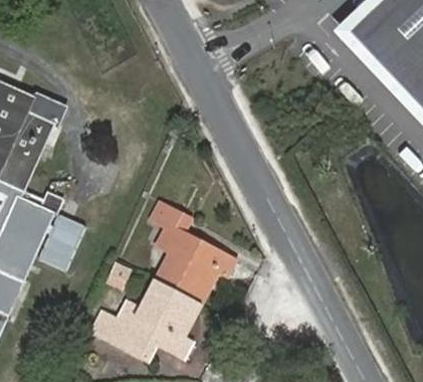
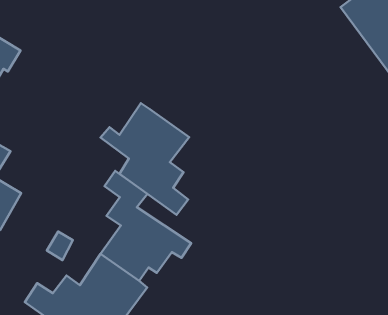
building: none -> [101,103,189,215]

